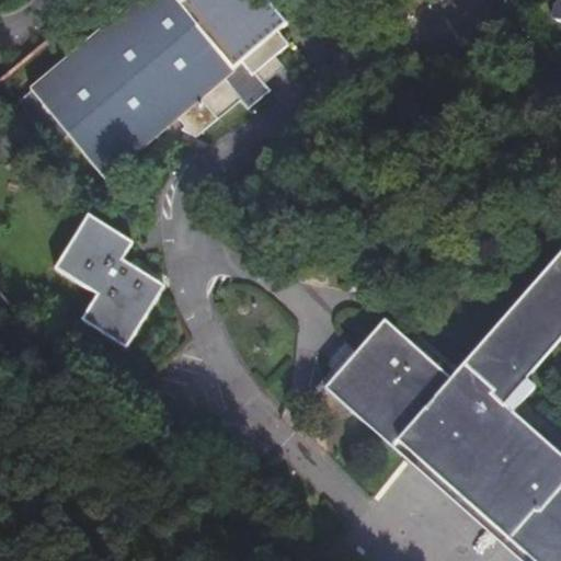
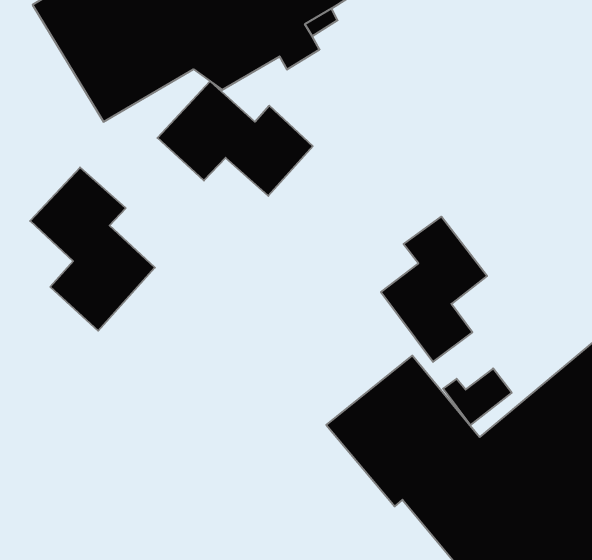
building: none -> [157,81,313,196]
building: none -> [381,217,487,362]

